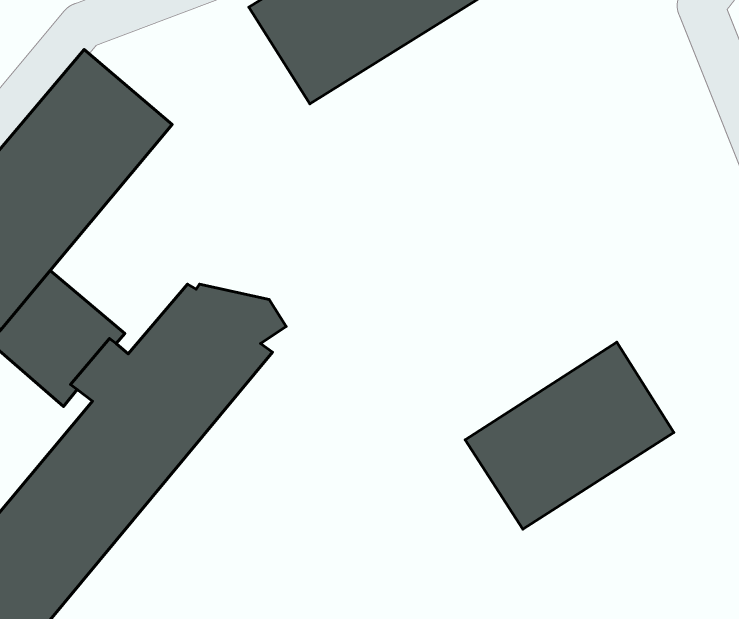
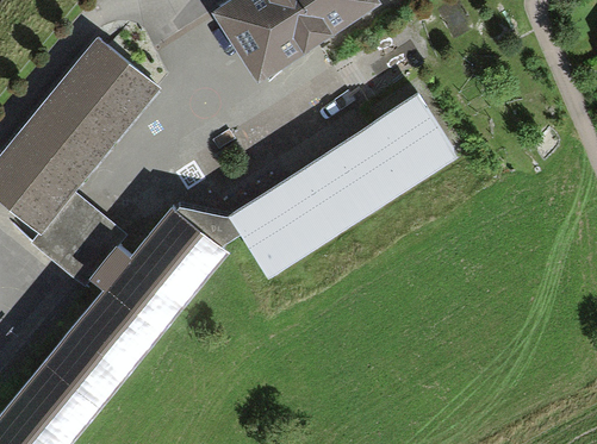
building: none -> [228,93,456,275]
building: [465,342,674,529] -> none

